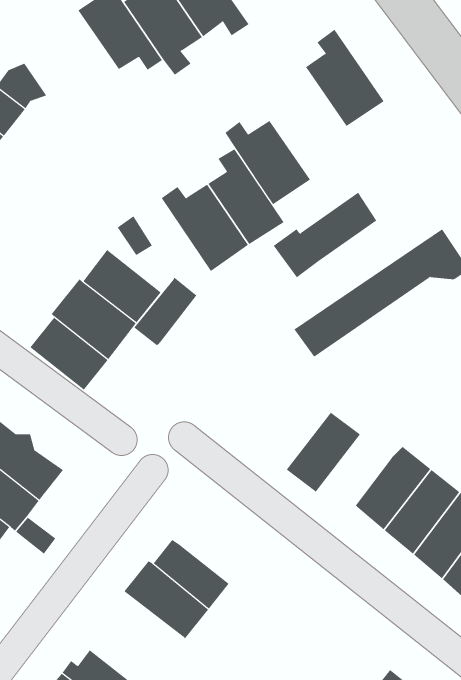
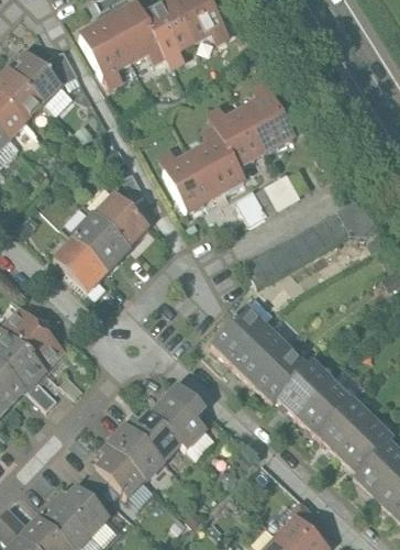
building: none -> [78,14,133,88]
building: [305,29,385,127] -> [241,80,297,153]
building: [133,277,197,346] -> none
building: none -> [210,306,267,364]
building: none -> [252,343,309,403]
building: none -> [148,383,208,450]
building: none -> [93,443,145,499]

